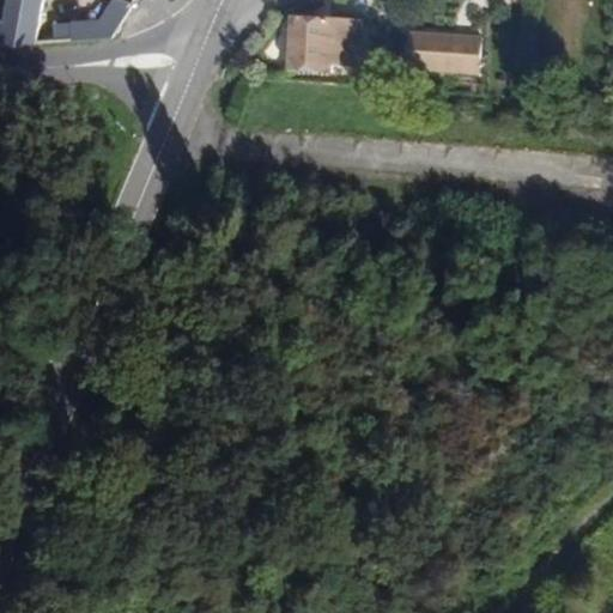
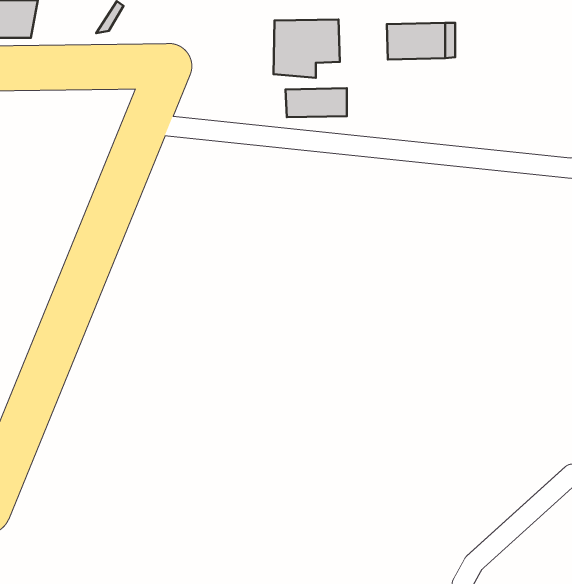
building: none -> [286,88,347,117]

